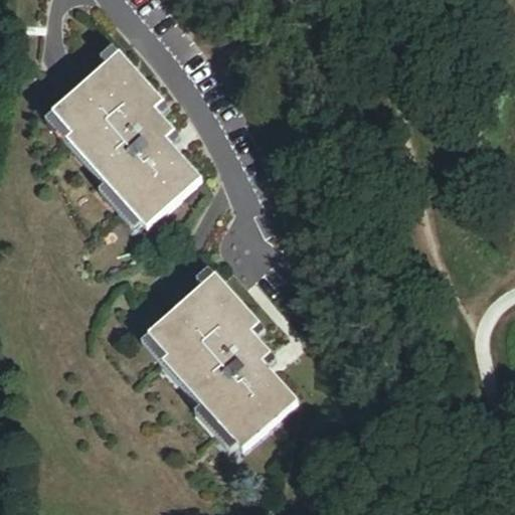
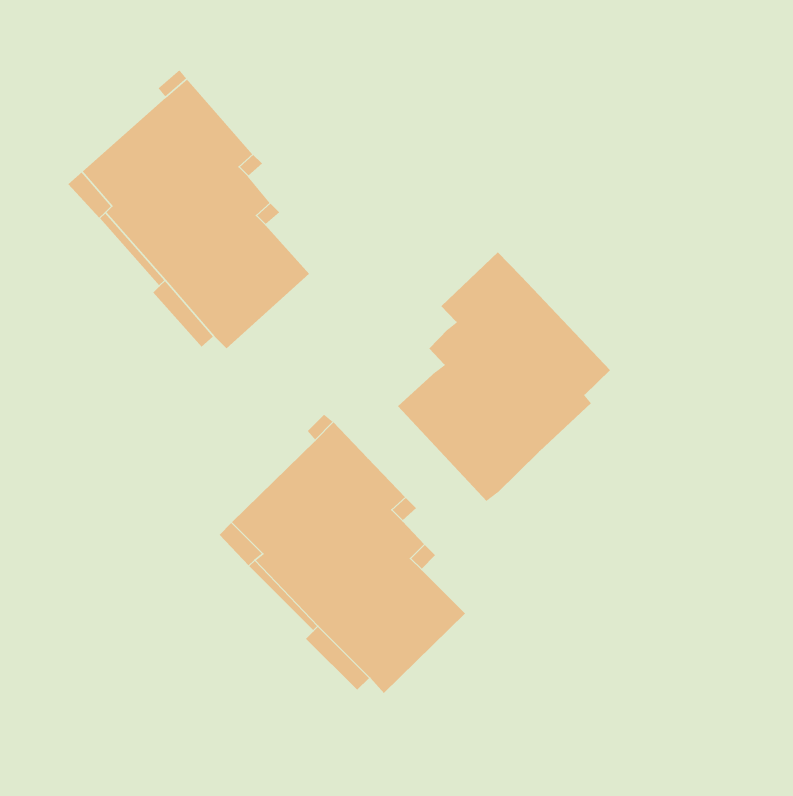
building: none -> [397,252,611,502]

